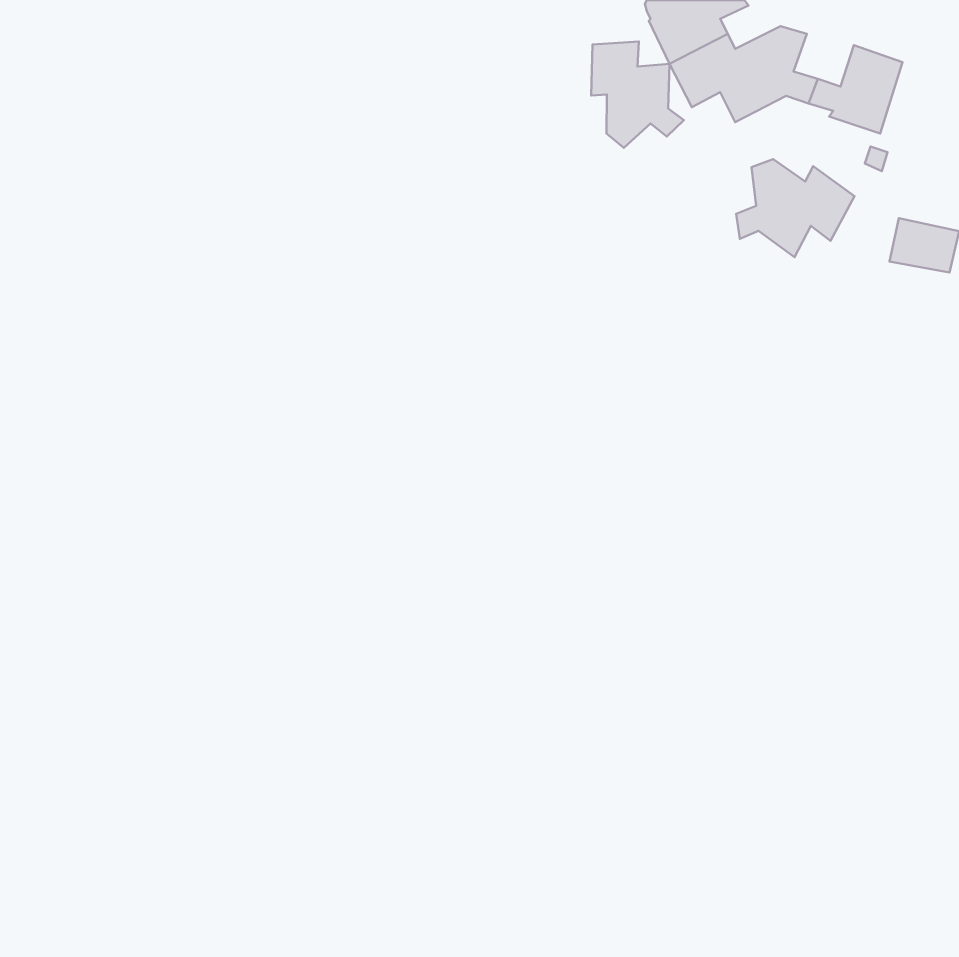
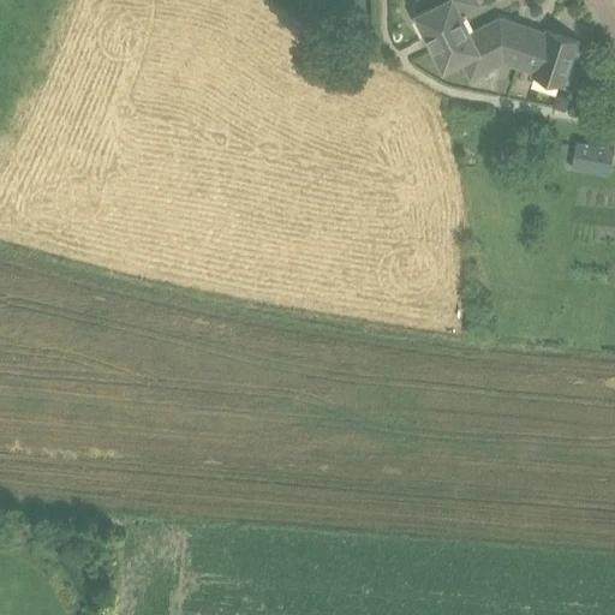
building: [591,42,684,148] -> none
building: [736,159,854,257] -> none

